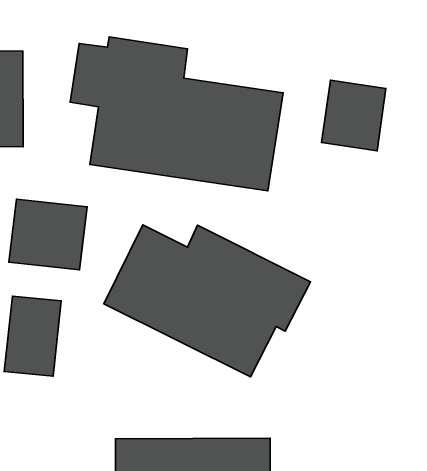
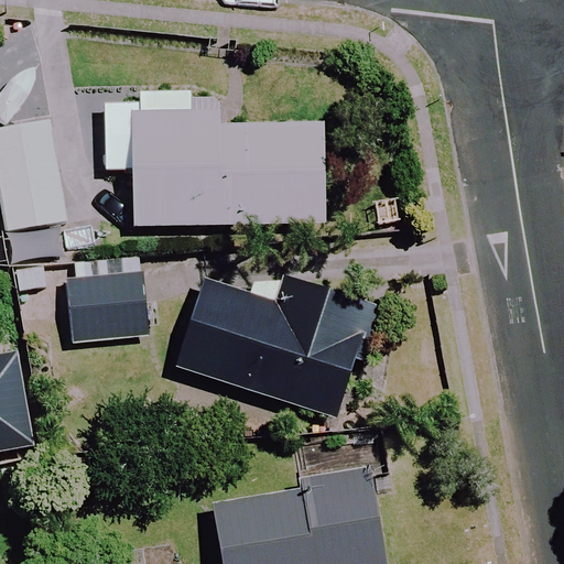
building: [322,80,386,151] -> none
building: [4,296,61,376] -> none

